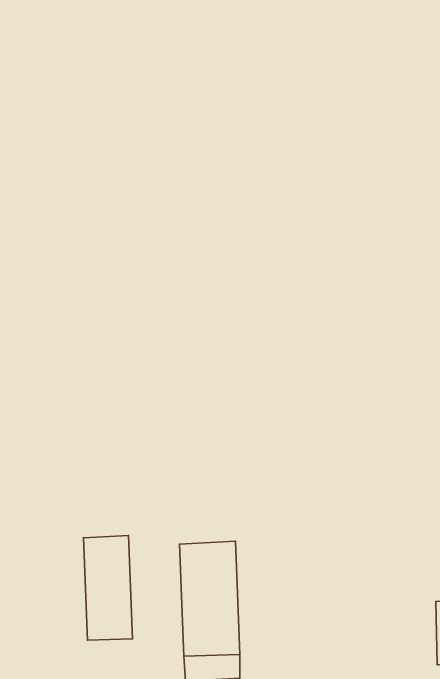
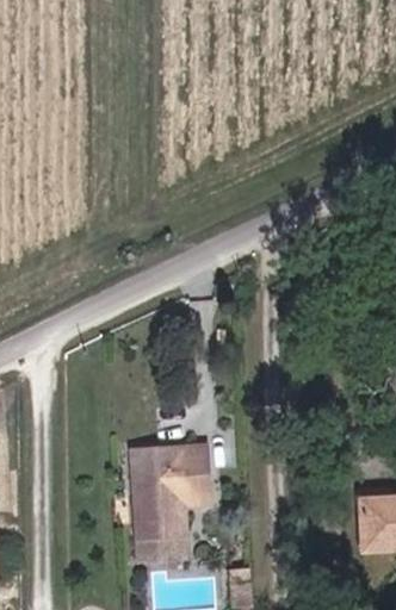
building: [83,535,132,640] -> none

